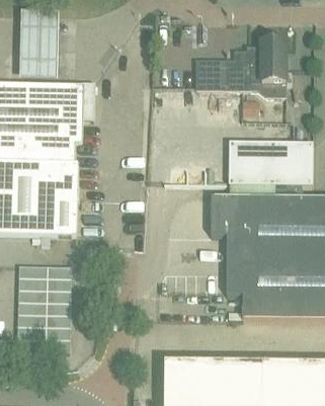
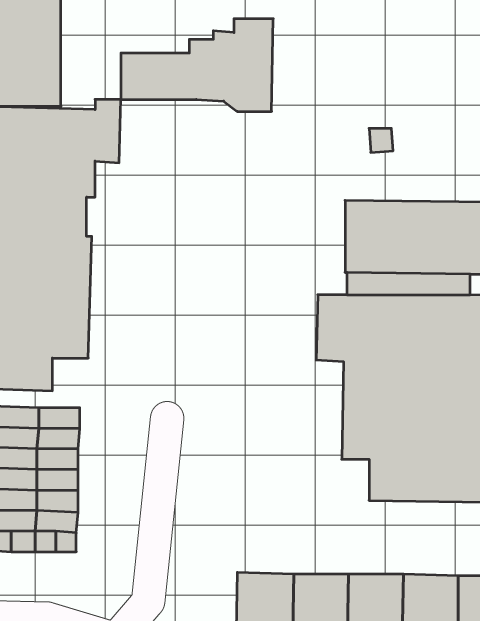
building: [194,42,285,96] -> [121,19,273,111]

